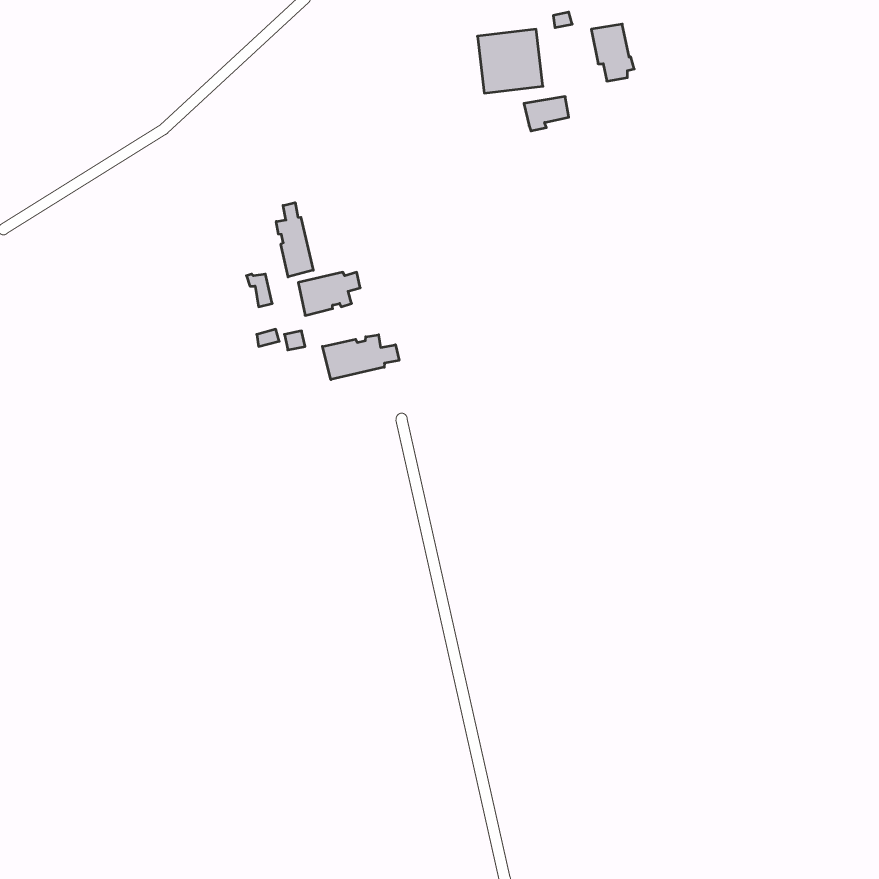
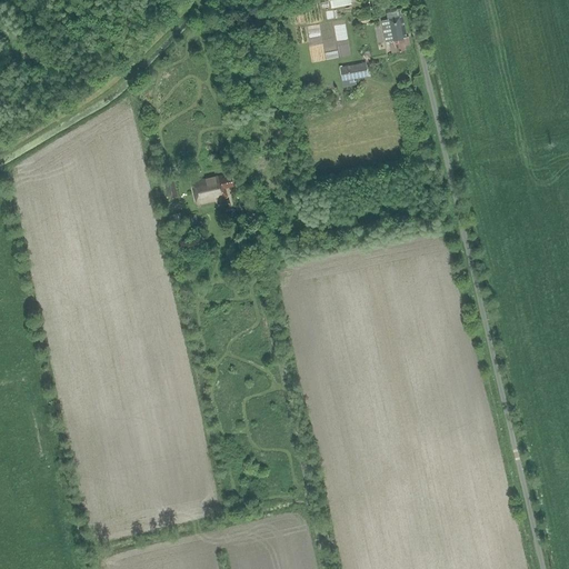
building: [276,203,313,277] -> none
building: [322,335,399,380] -> none

